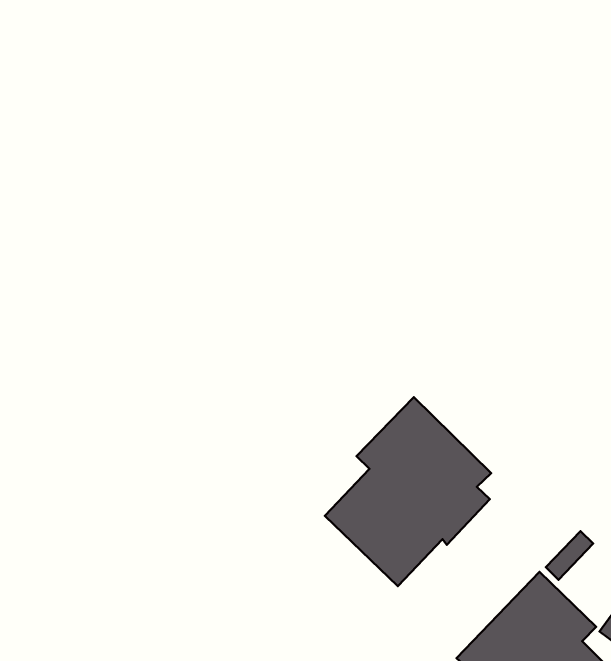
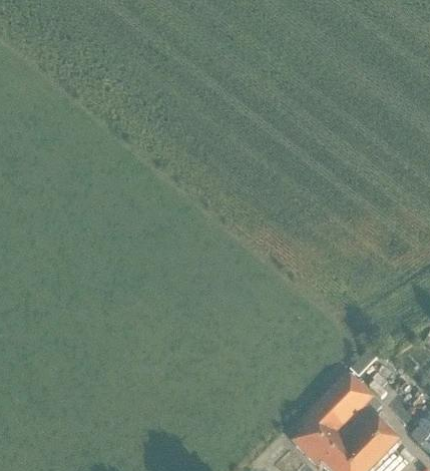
building: [325,397,491,586] -> none

